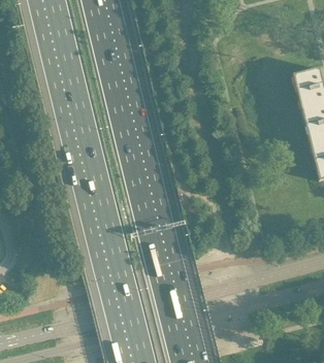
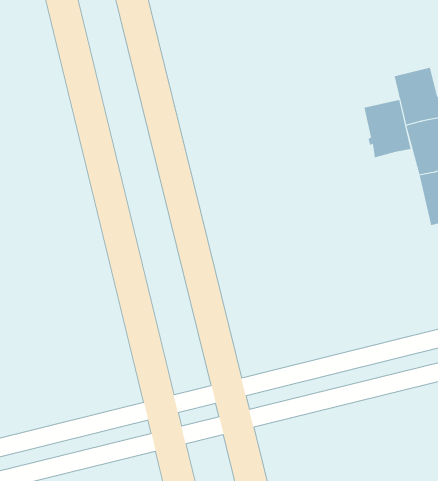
building: none -> [364,99,411,158]

